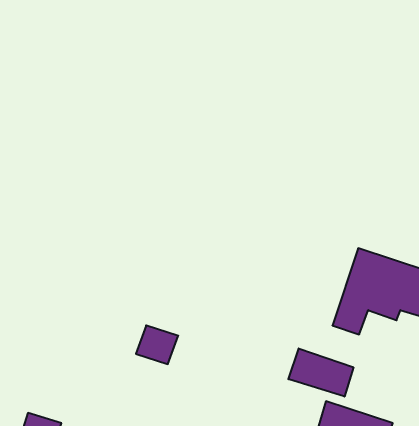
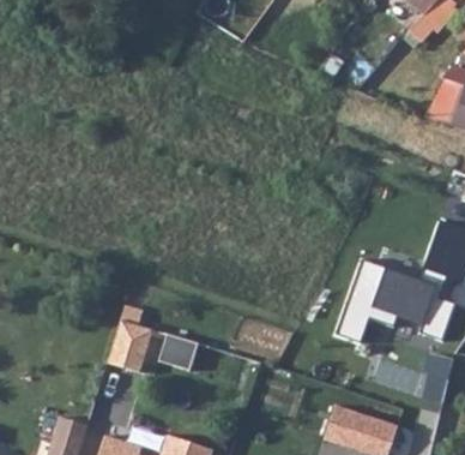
building: none -> [101,316,150,372]
building: [288,348,353,397] -> none

